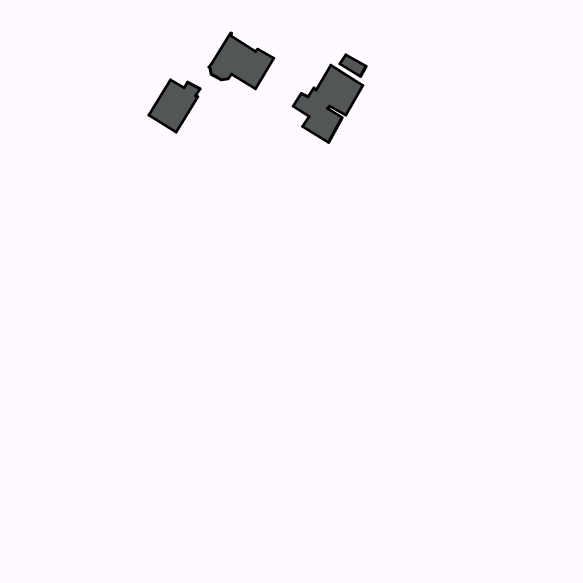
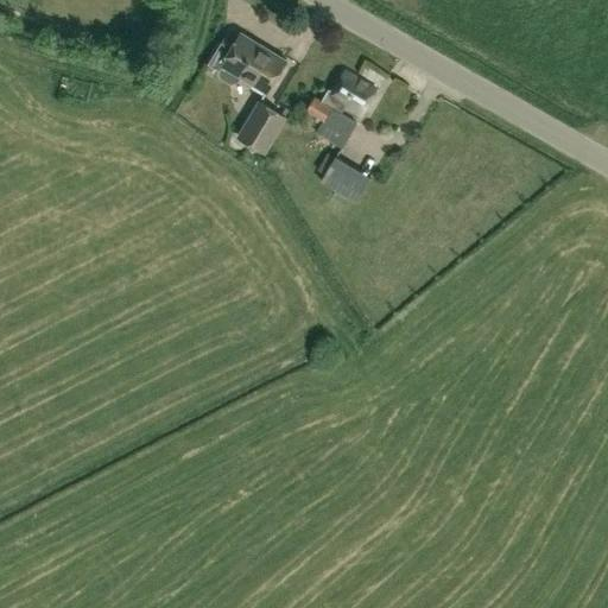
building: [149,80,200,132] -> [235,100,289,154]
building: none -> [319,156,372,203]

